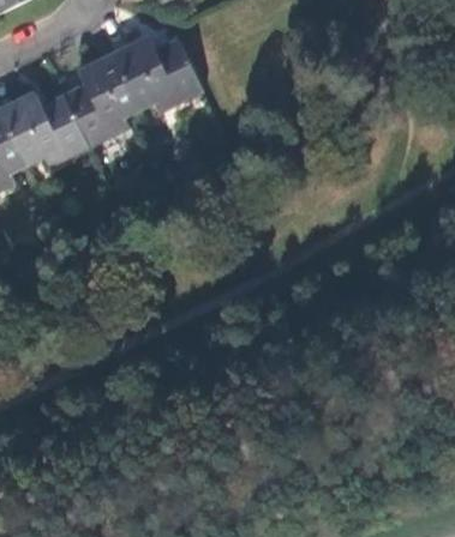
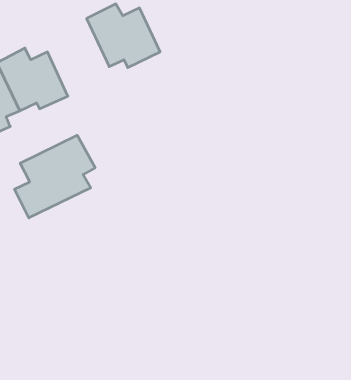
building: [59,53,134,147] -> none
building: none -> [15,135,95,218]

